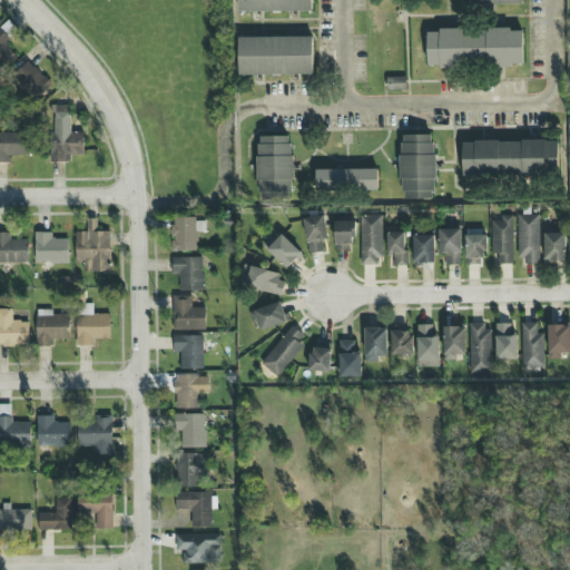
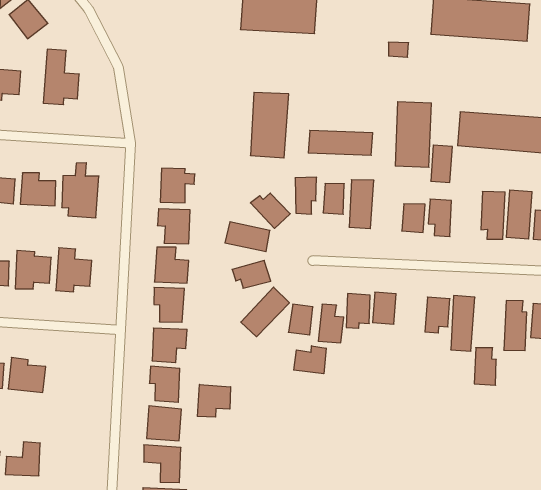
building: [465,228,484,264] -> [431,145,452,182]
building: [385,230,406,265] -> none
building: [495,322,518,358] -> [474,348,496,385]
building: [416,324,440,362] -> none
building: none -> [294,346,326,374]
building: [78,414,112,454] -> none
building: none -> [197,384,231,417]
building: [77,493,112,528] -> none

